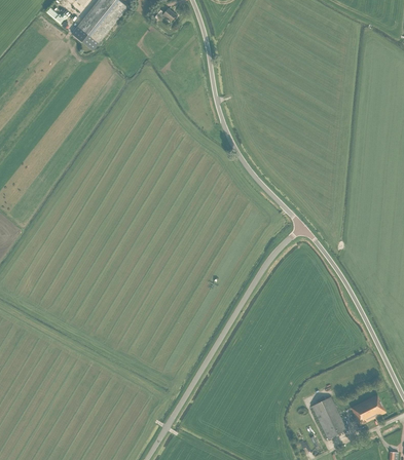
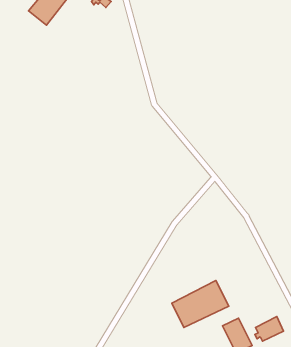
building: none -> [172,280,229,328]

